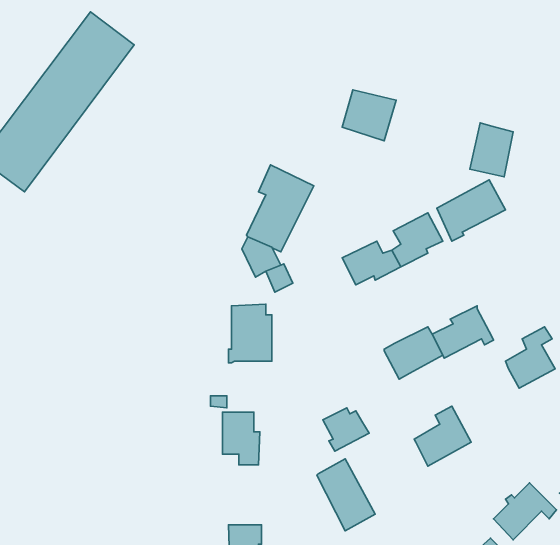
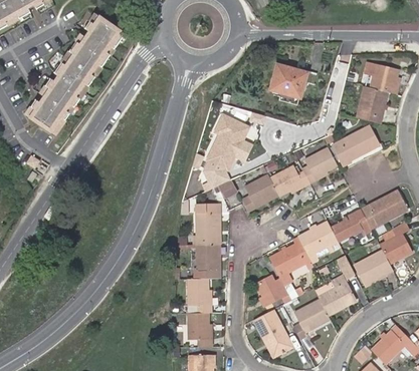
building: none -> [369,63,399,95]
building: none -> [243,174,278,210]
building: none -> [360,191,408,230]
building: none -> [269,239,312,286]
building: none -> [197,246,222,280]
building: none -> [354,251,391,287]
building: none -> [293,300,329,339]
building: none -> [190,315,212,348]

